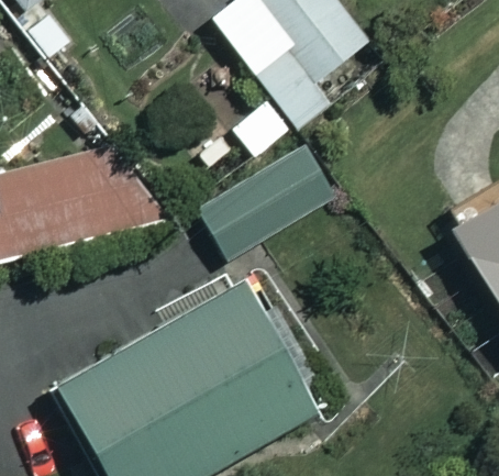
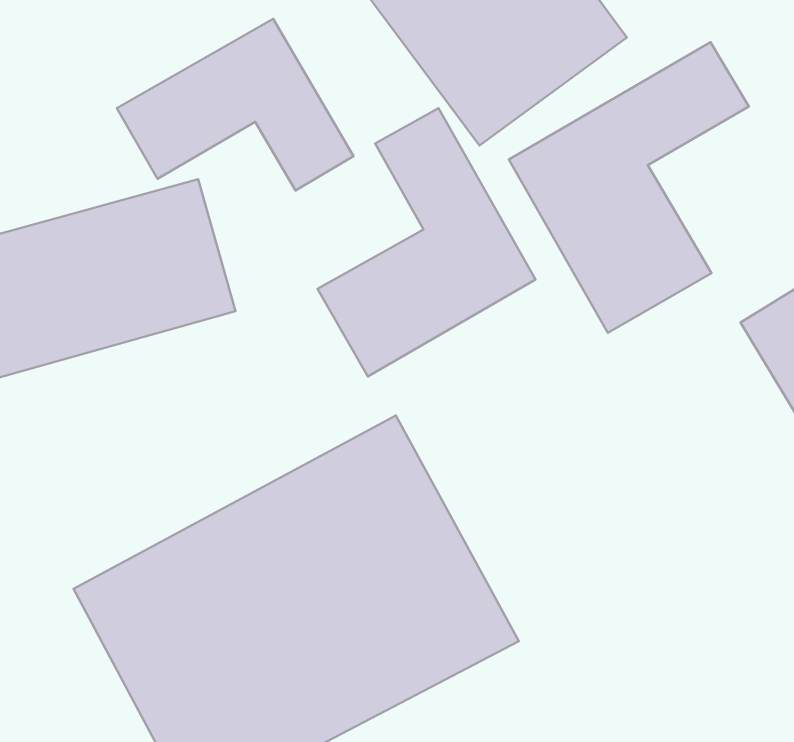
building: none -> [117,19,354,190]
building: none -> [509,42,749,333]

